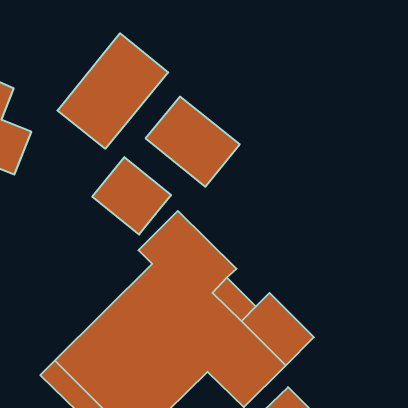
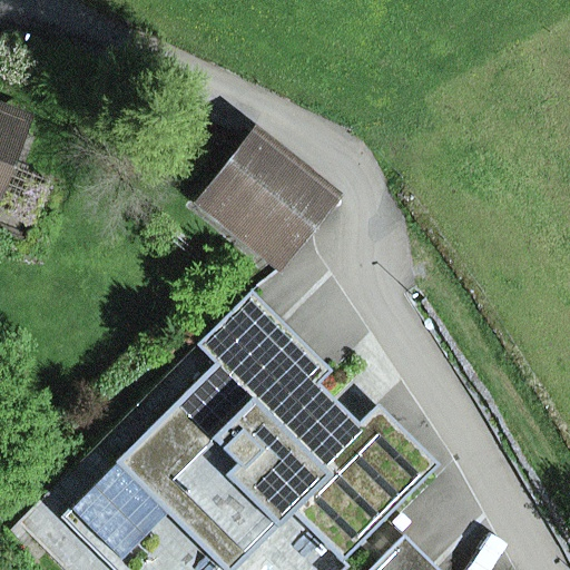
building: [57,33,168,149] -> none
building: [92,157,171,235] -> none

